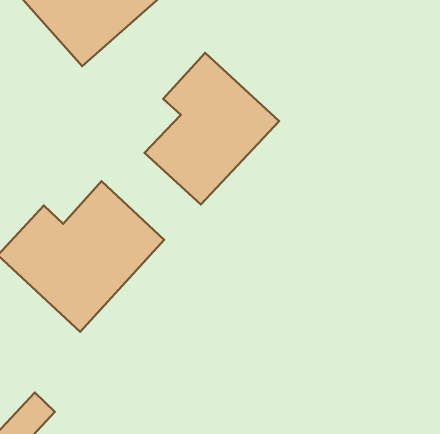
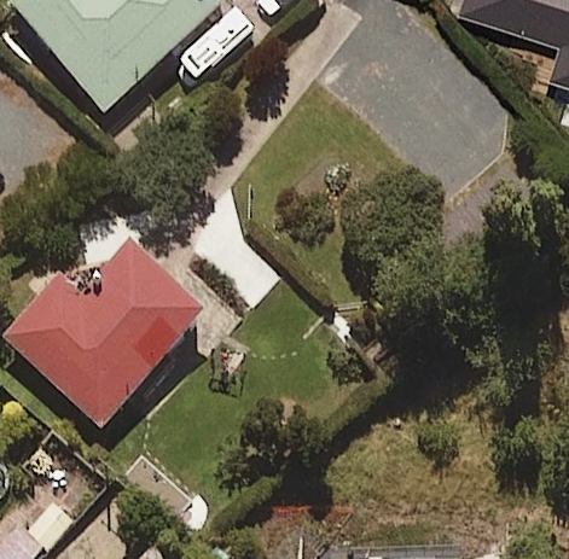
building: [145,53,279,205] -> none

